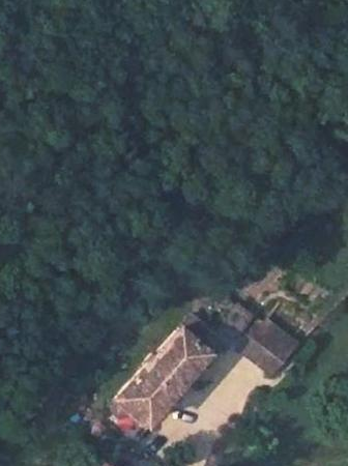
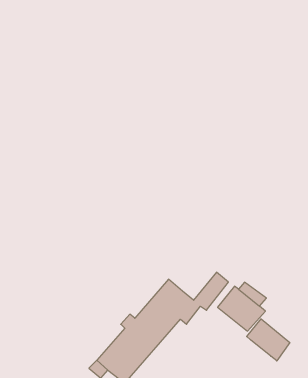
building: none -> [247,319,290,361]

